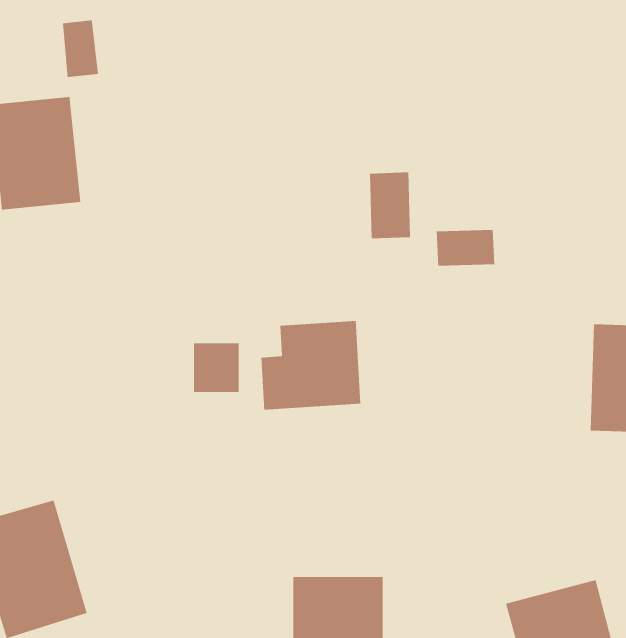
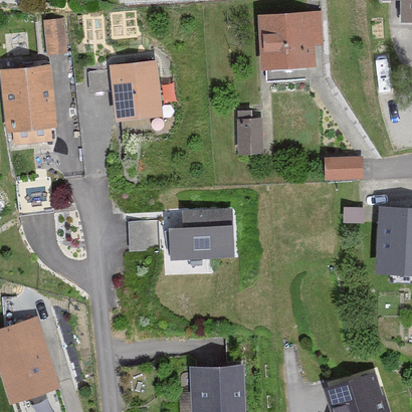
building: none -> [259,10,321,67]
building: none -> [109,59,163,120]
building: [436,229,495,266] -> [326,157,363,180]

